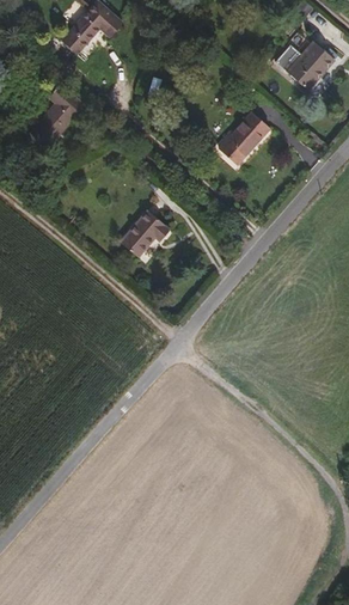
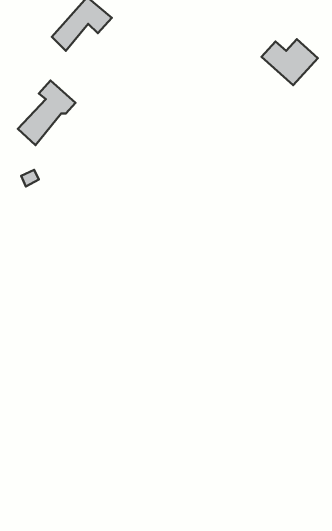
building: [216,111,268,165] -> none
building: [116,203,173,257] -> none

